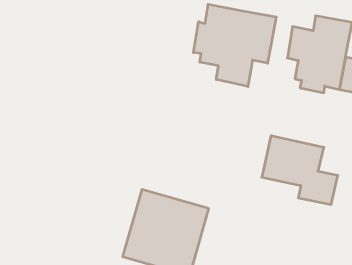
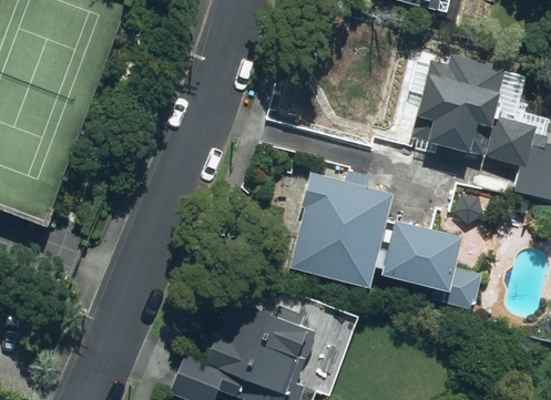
building: [193,4,276,87] -> none
building: none -> [288,174,395,290]

